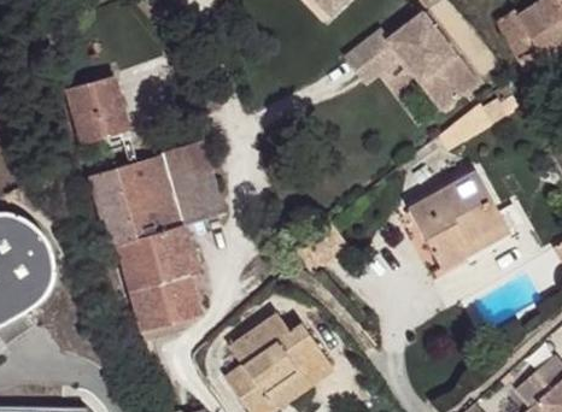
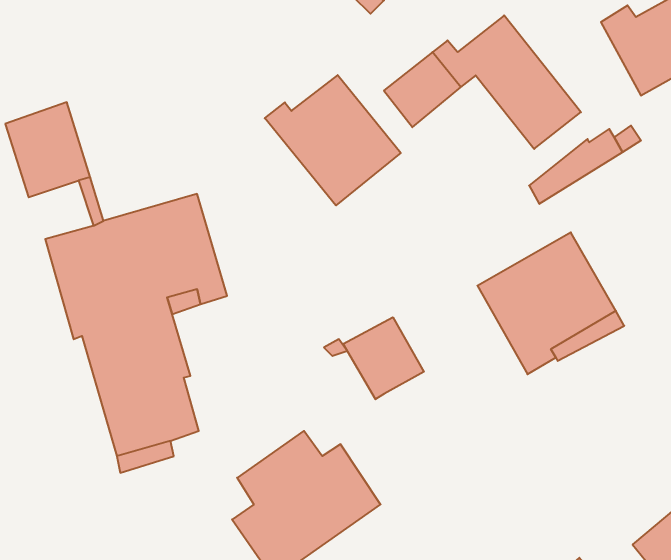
building: none -> [265,75,401,205]
building: none -> [343,317,424,399]

